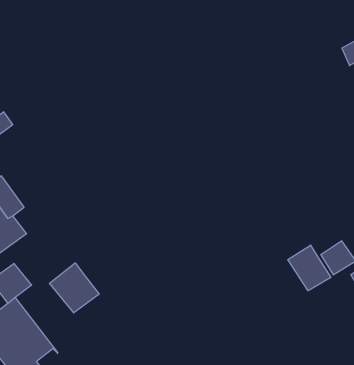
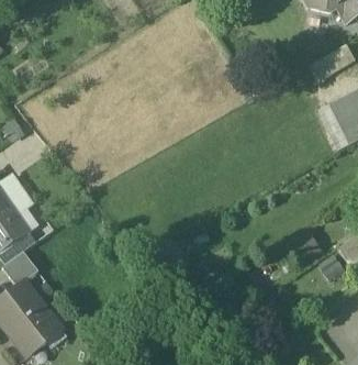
building: [288,245,331,291] -> none
building: [49,263,99,313] -> none

